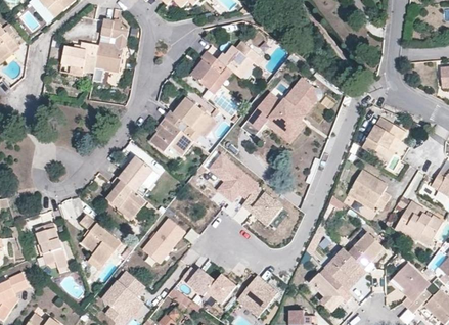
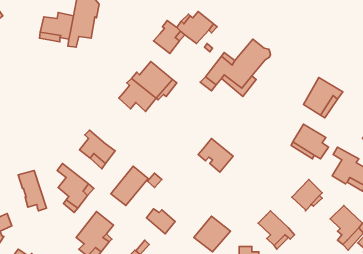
building: [210,154,258,200] -> none
building: [117,157,153,192] -> none
building: [324,248,364,288] -> none
building: [207,273,236,304] -> none

